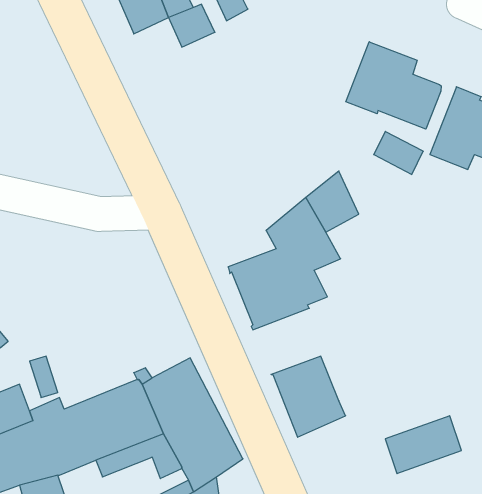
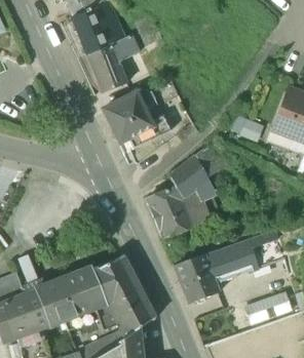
building: none -> [87,44,125,93]
building: [346,42,441,129] -> none
building: none -> [102,92,169,150]
building: none -> [203,230,282,282]

